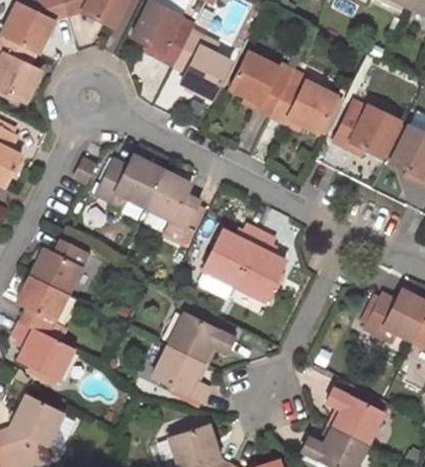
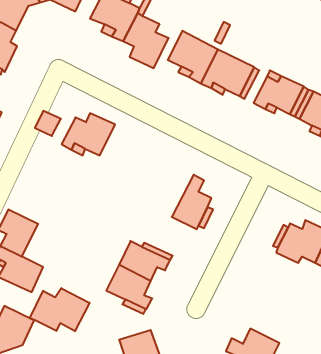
building: [144,169,202,245] -> none
building: [203,224,261,284] -> none
building: [29,241,87,293] -> none
building: none -> [30,288,90,331]
building: [327,388,384,442] -> none

